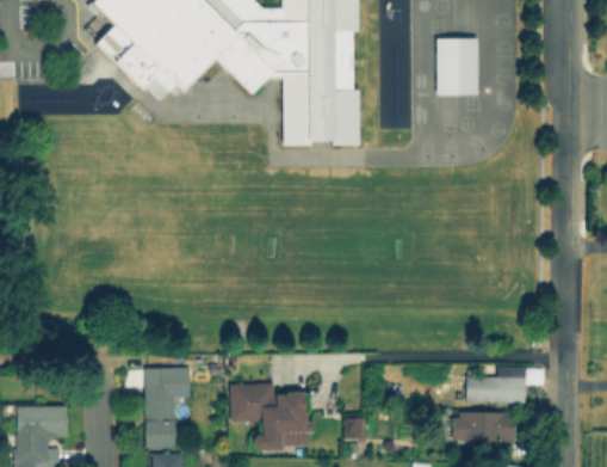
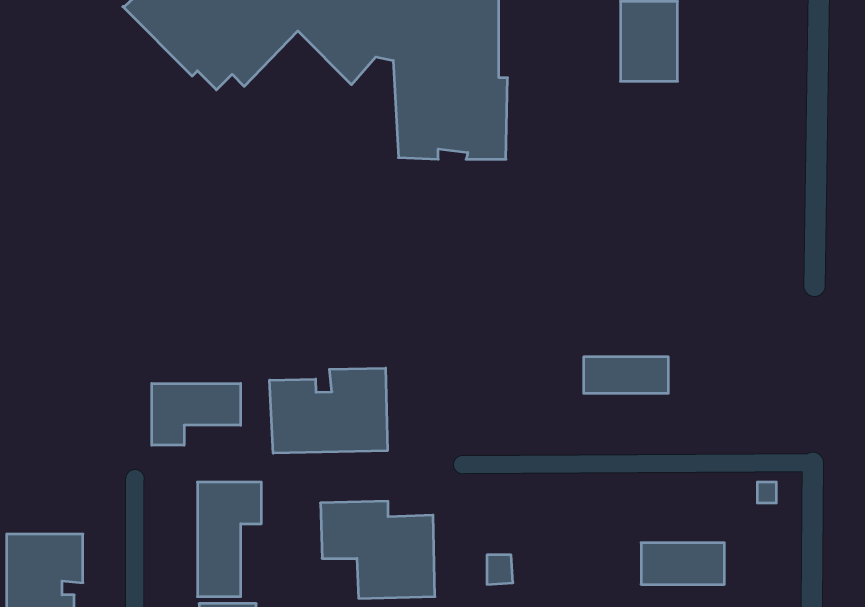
building: none -> [270,368,387,453]
building: none -> [152,383,241,445]
building: [466,376,525,401] -> [584,357,668,393]

